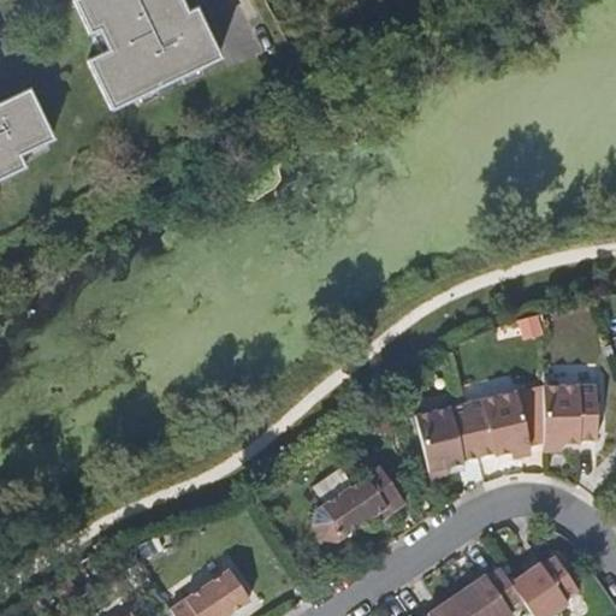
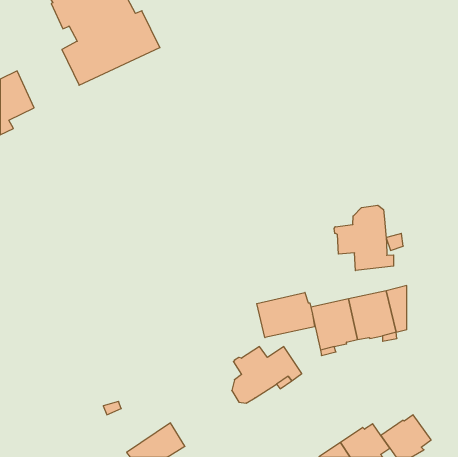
building: none -> [334,205,394,271]
building: [546,386,598,445] -> none
building: none -> [257,292,315,338]

